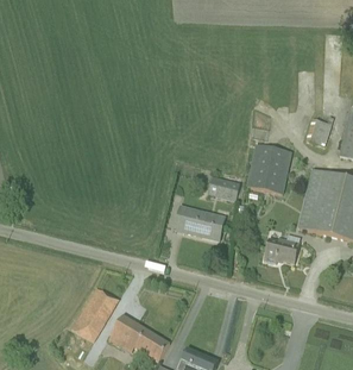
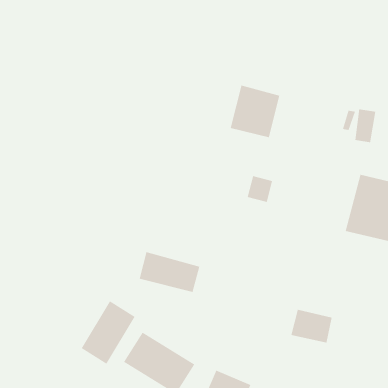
building: [248,146,292,193] -> [230,85,280,138]
building: [175,205,228,240] -> [139,252,200,292]
building: [264,236,301,265] -> [290,309,333,343]

